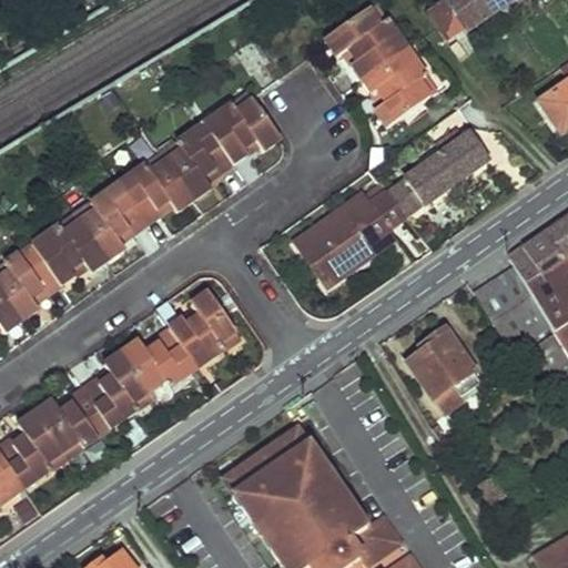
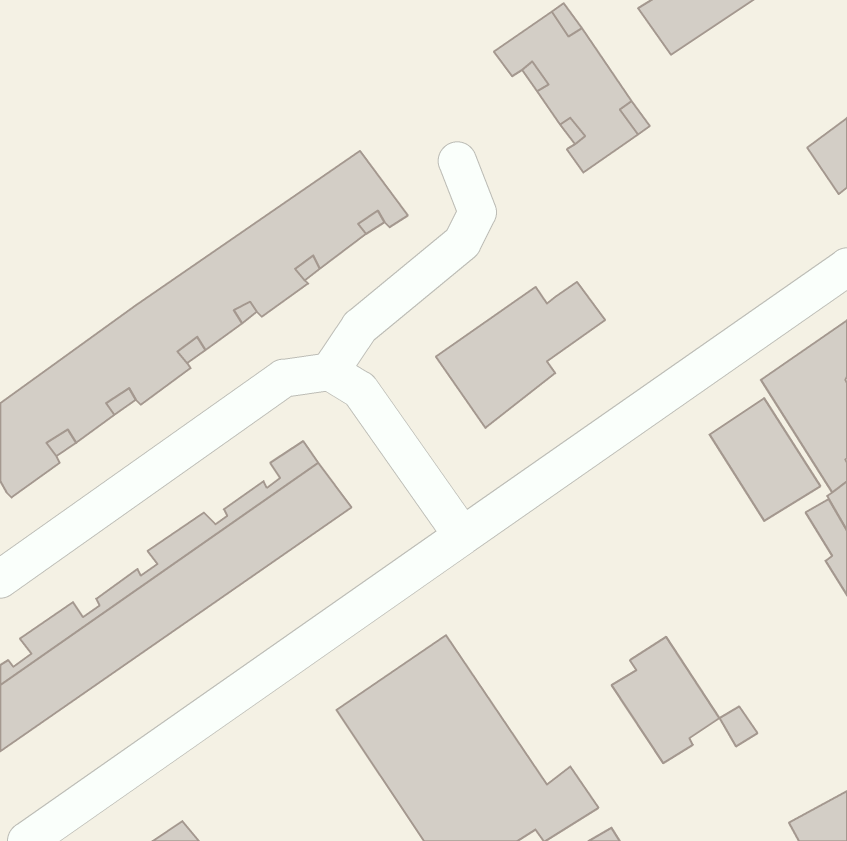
building: [386,130,490,214] -> none
building: [409,325,481,409] -> [612,637,719,763]

